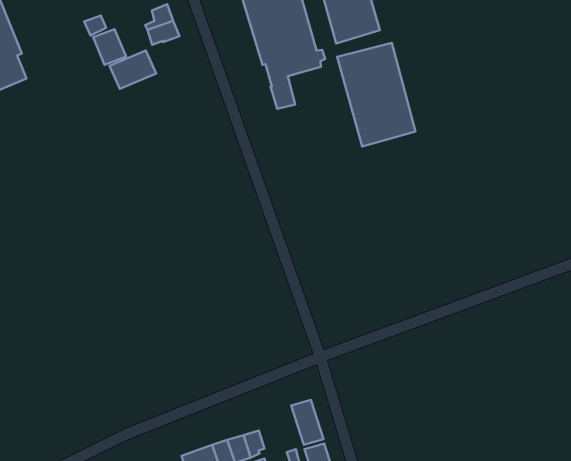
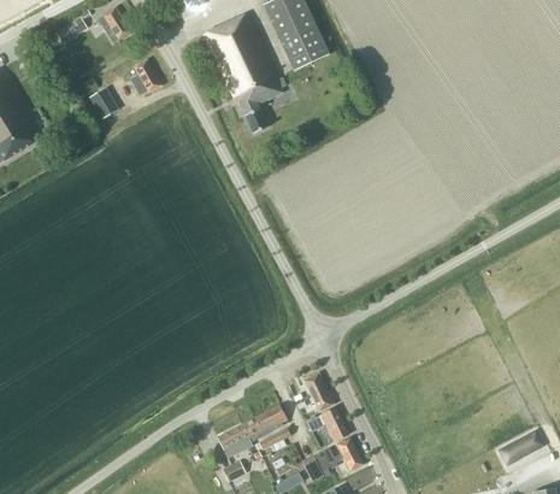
building: [337,43,416,147] -> none
building: [110,51,156,89] -> none

